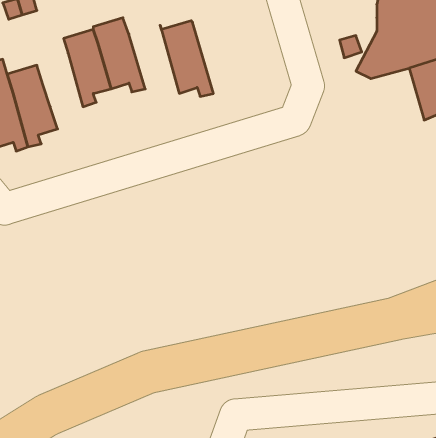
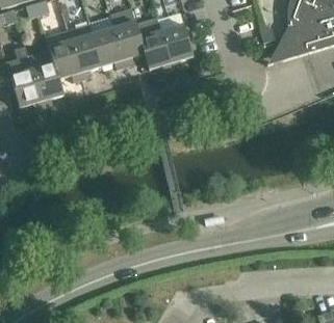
building: none -> [109,9,149,70]
building: none -> [157,12,196,70]
building: none -> [45,31,81,81]

